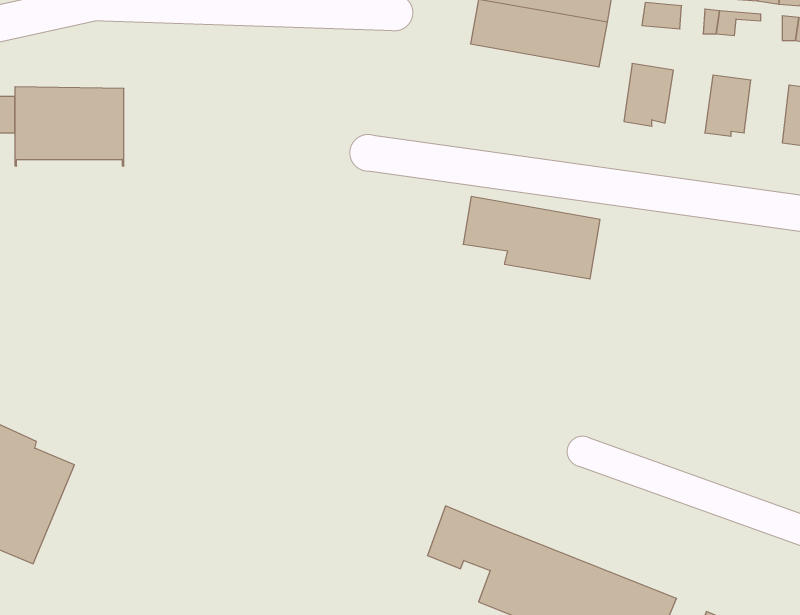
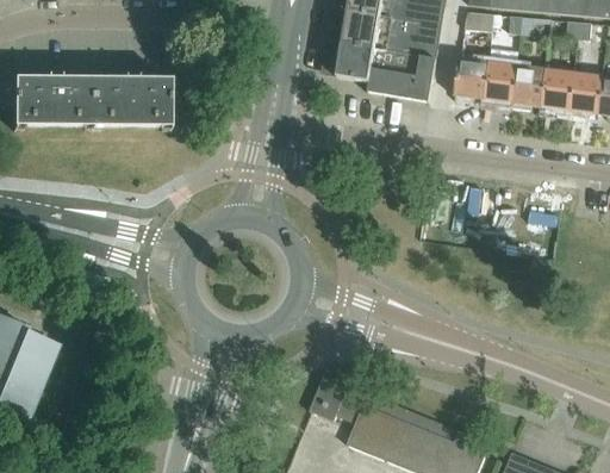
building: none -> [483,61,517,106]
building: none -> [540,68,572,113]
building: none -> [92,74,170,130]
building: [463,196,600,279] -> [336,42,435,101]

